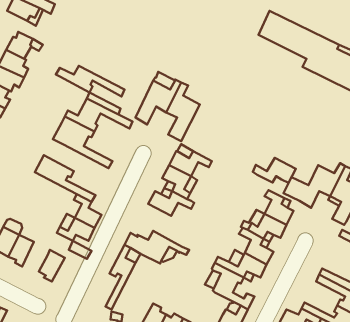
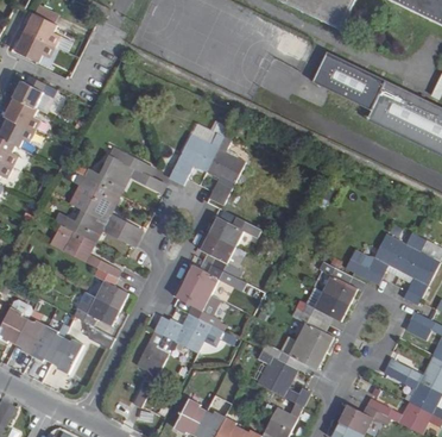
building: [56,66,124,97] -> [53,210,135,246]
building: [253,158,296,183] -> none
building: none -> [176,281,215,325]
building: none -> [32,326,65,362]

